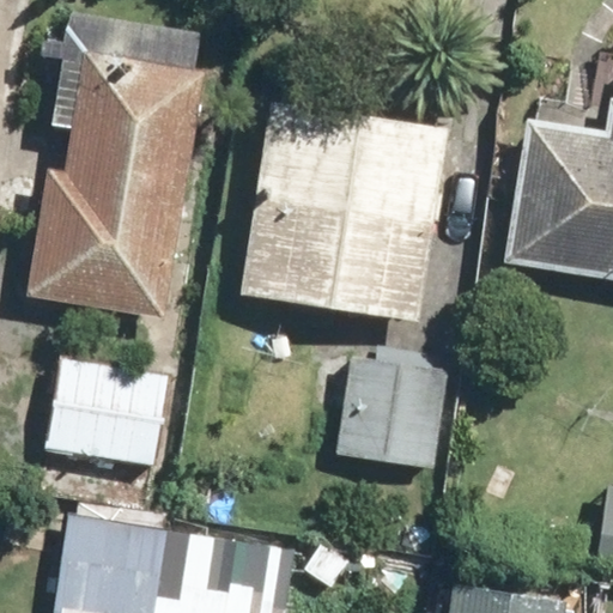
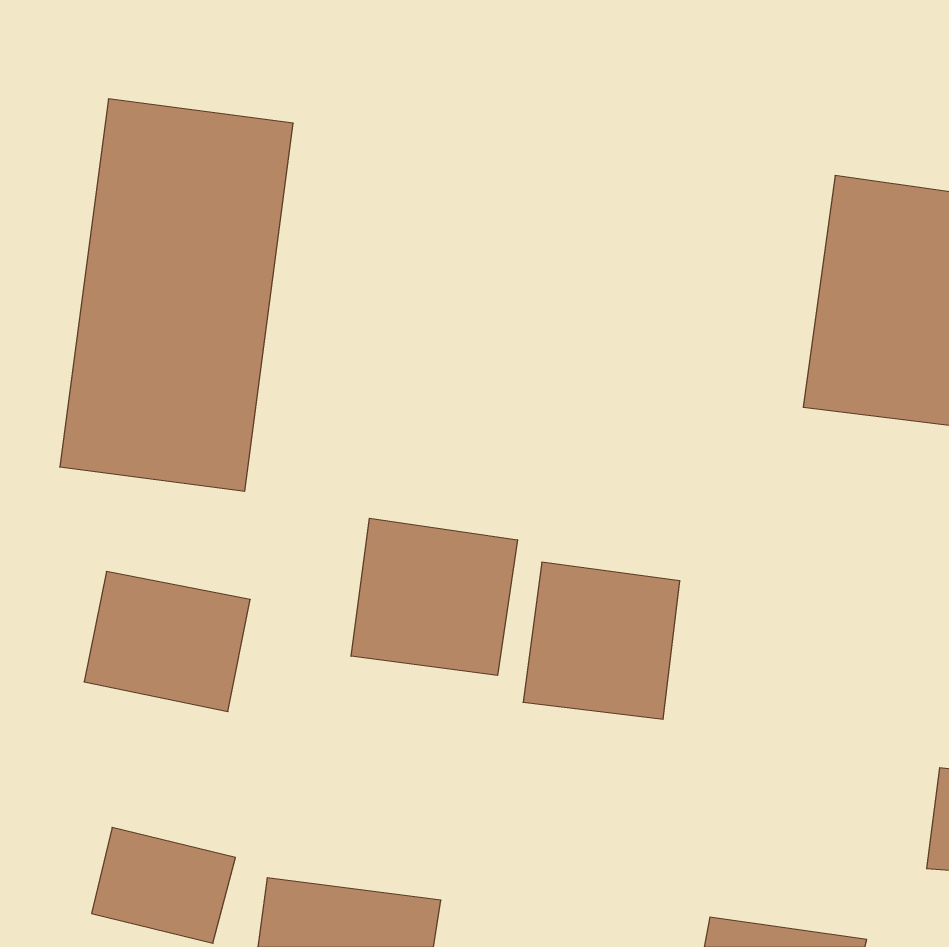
building: [245,115,432,314] -> none
building: none -> [351,518,517,675]

